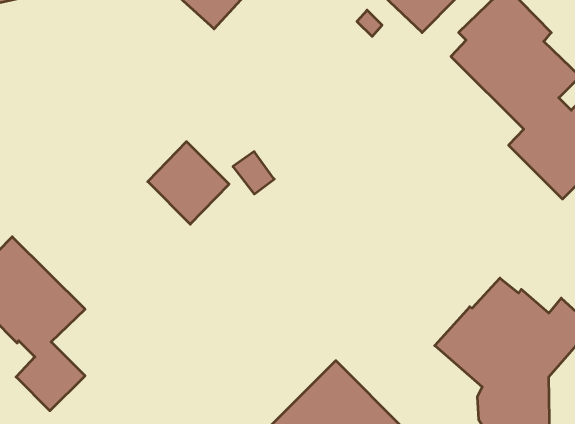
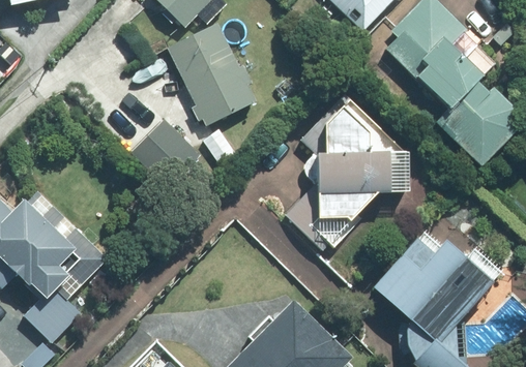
building: none -> [169,24,256,126]
building: none -> [288,93,409,250]

